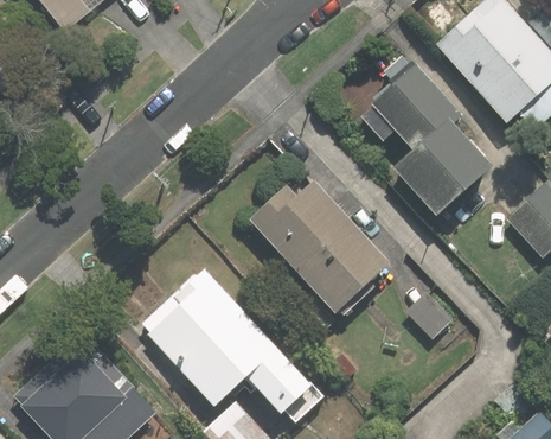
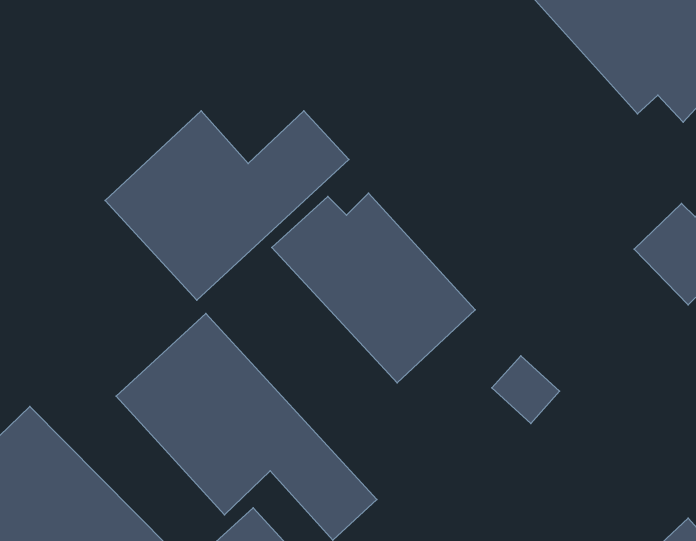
building: [357,62,494,218] -> none
building: none -> [105,111,349,300]

